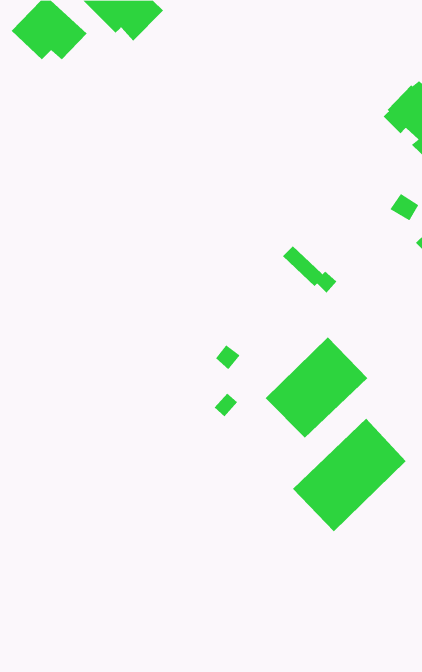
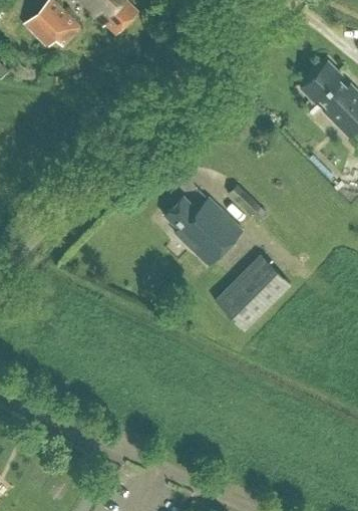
building: none -> [164,196,242,265]
building: [292,418,406,532] -> none

